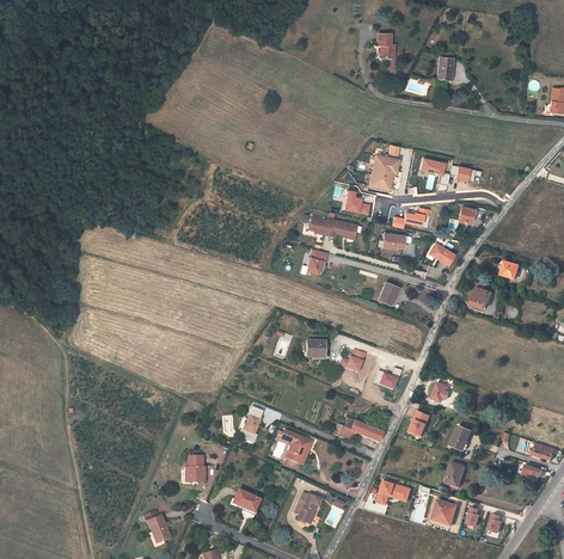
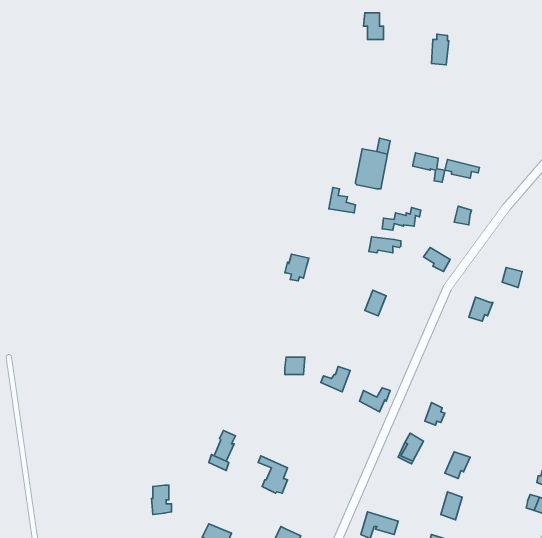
building: [308,216,357,238] -> none
building: [332,417,382,442] -> none

